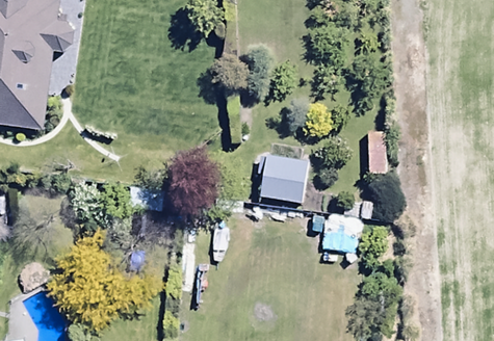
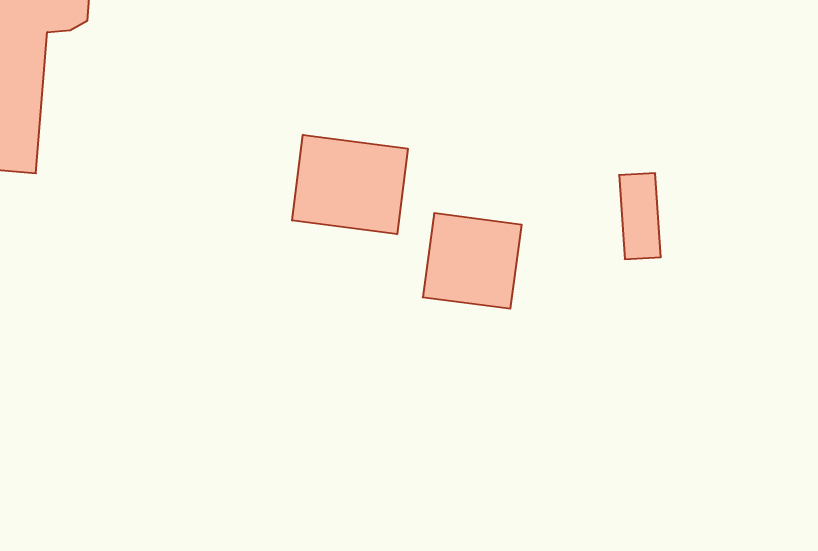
building: none -> [292,135,408,234]

